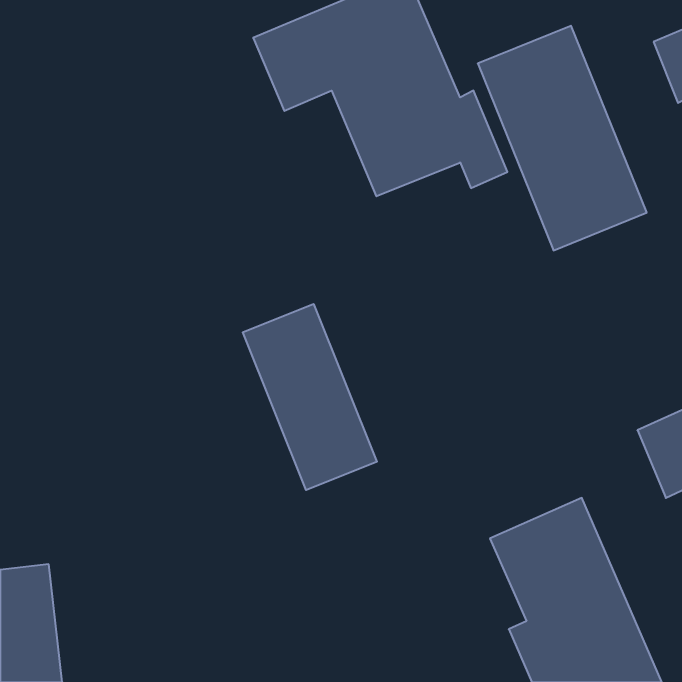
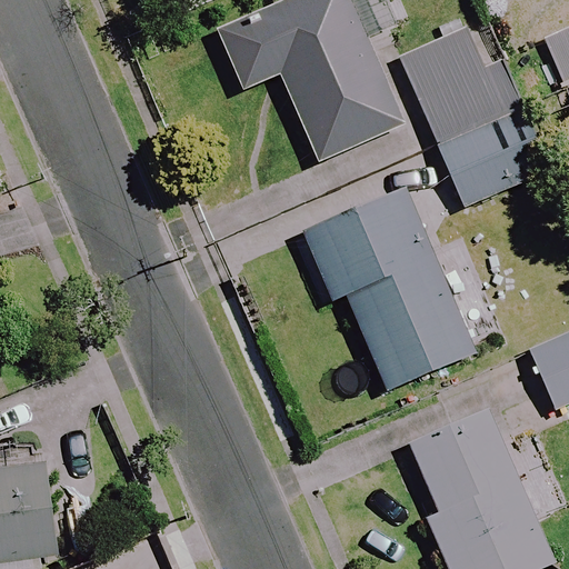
building: none -> [301,186,472,390]
building: [243,304,377,490] -> none

